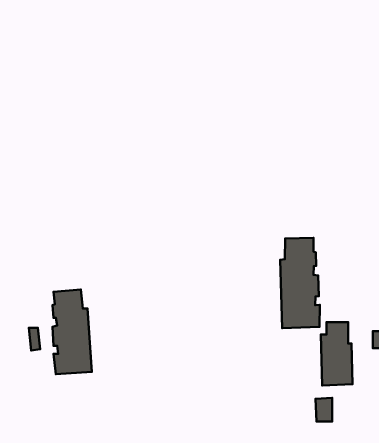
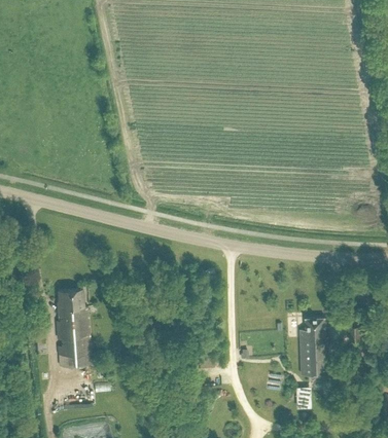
building: [280,238,320,328] -> none

